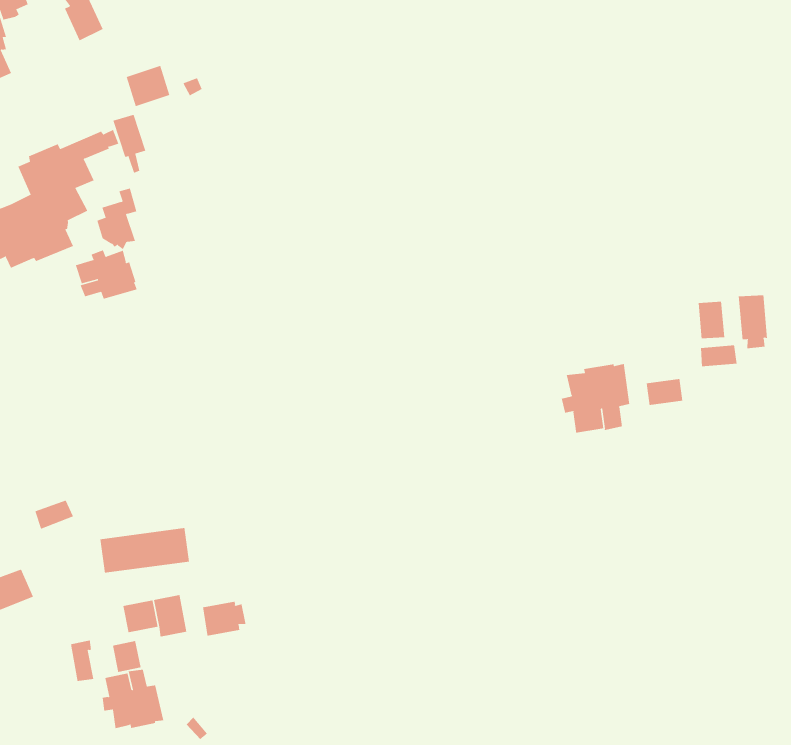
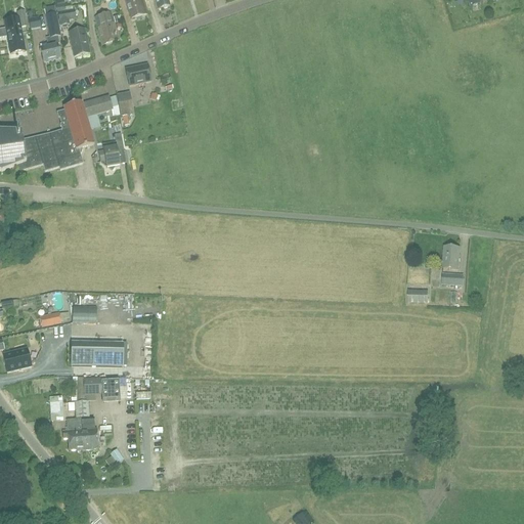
building: none -> [68,26,89,53]
building: [75,250,137,299] -> none
building: [738,295,768,349] -> none
building: [561,363,630,433] -> none
building: [203,601,246,637] -> none

